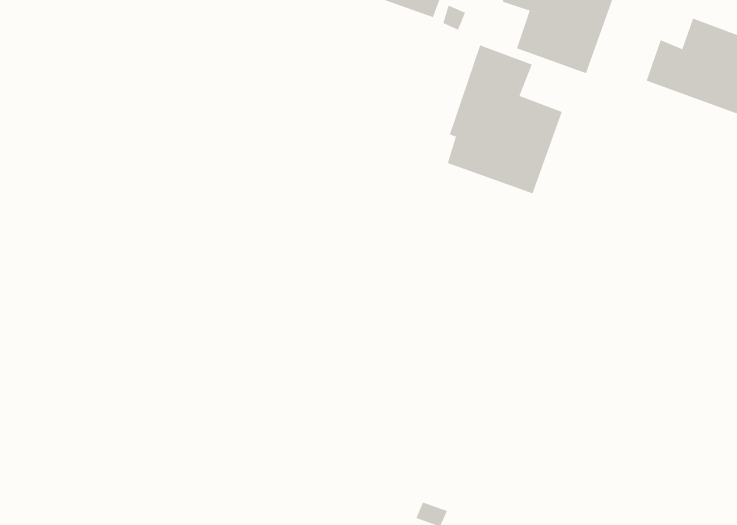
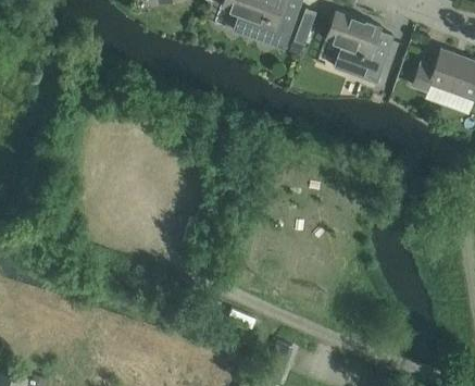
building: [447,44,563,194] -> none

